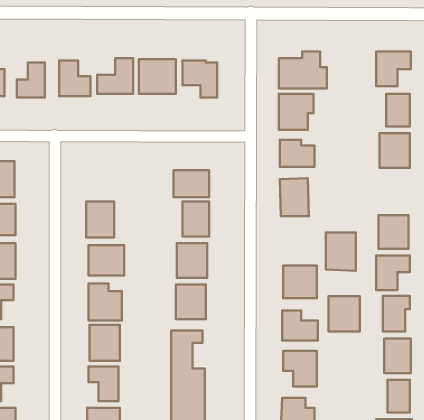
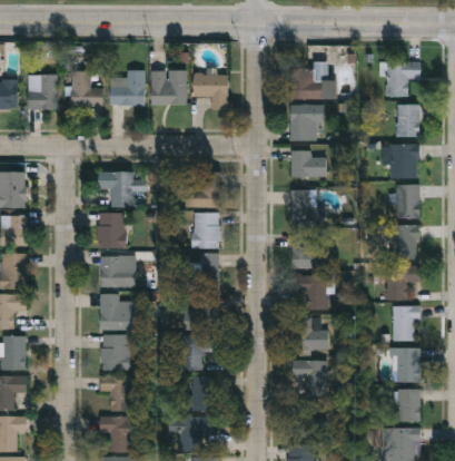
building: none -> [99,173,146,206]
building: none -> [395,185,419,219]
building: [326,233,356,271] -> [291,232,322,269]
building: [329,296,360,332] -> none

